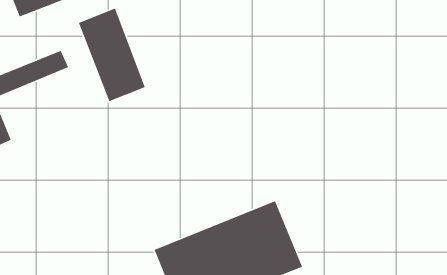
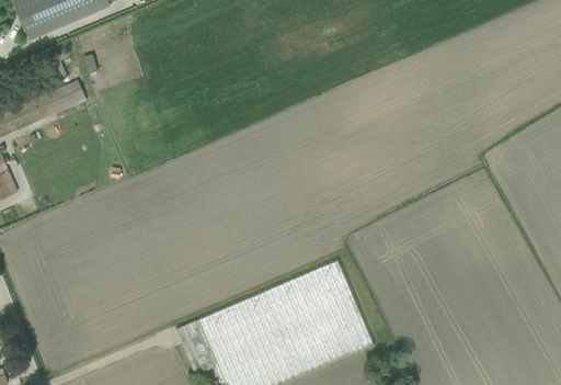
building: [78,7,146,102] -> none

